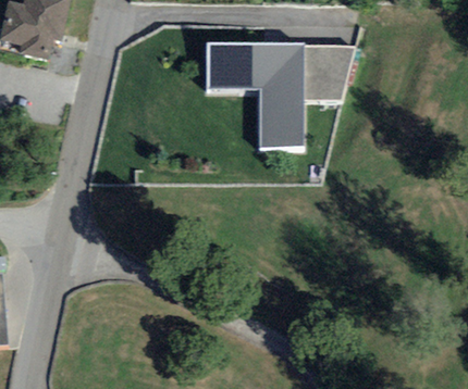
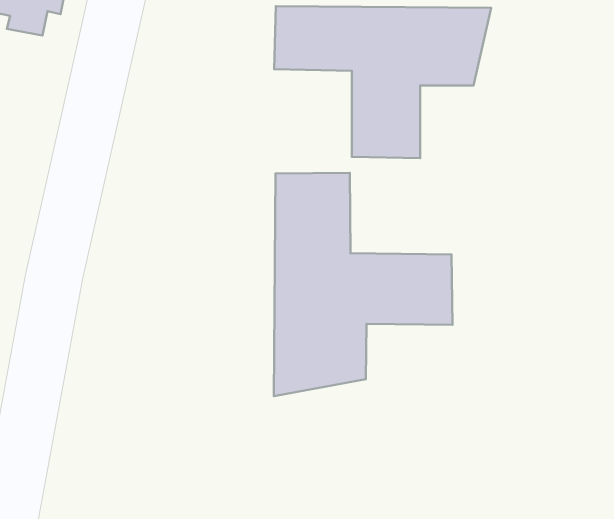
building: none -> [274,173,452,396]

